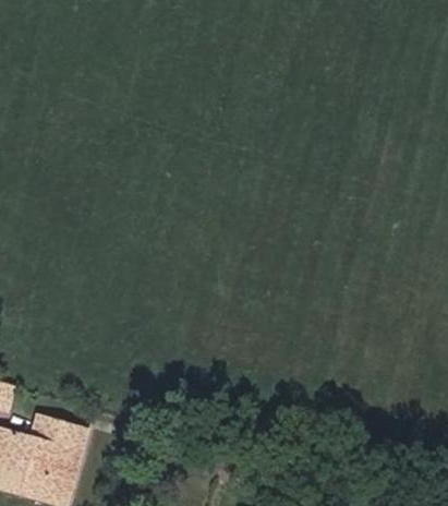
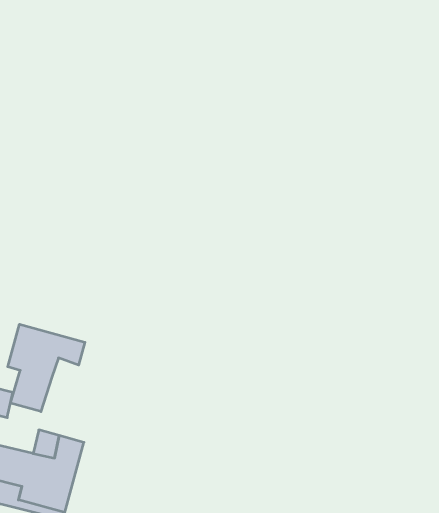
building: none -> [8,324,85,412]

